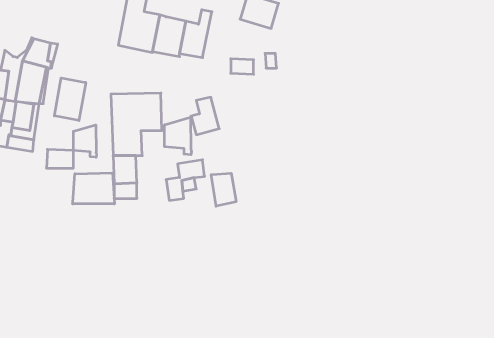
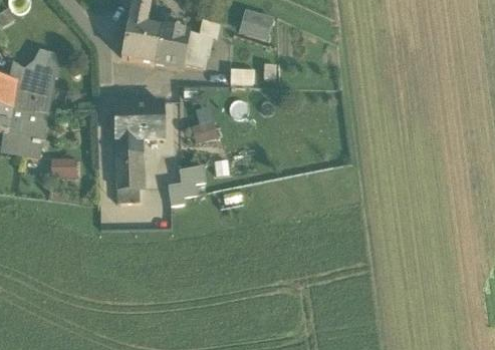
building: [54,78,86,121] -> none
building: [165,117,191,155] -> none
building: [73,125,97,157] -> none
building: [73,173,114,204] -> none
building: [211,173,236,206] -> none

